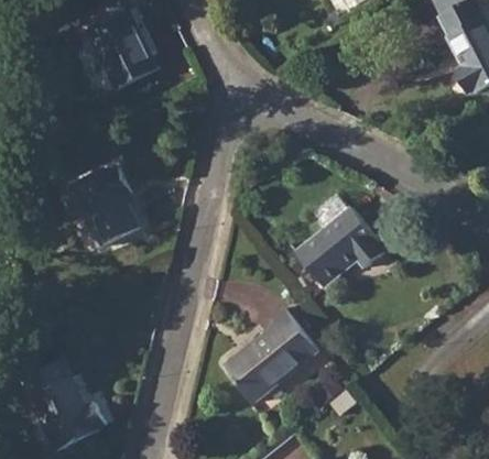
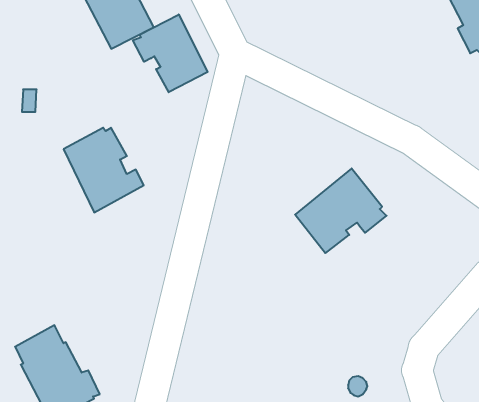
building: none -> [133,14,208,92]
building: [222,308,317,403] -> none

